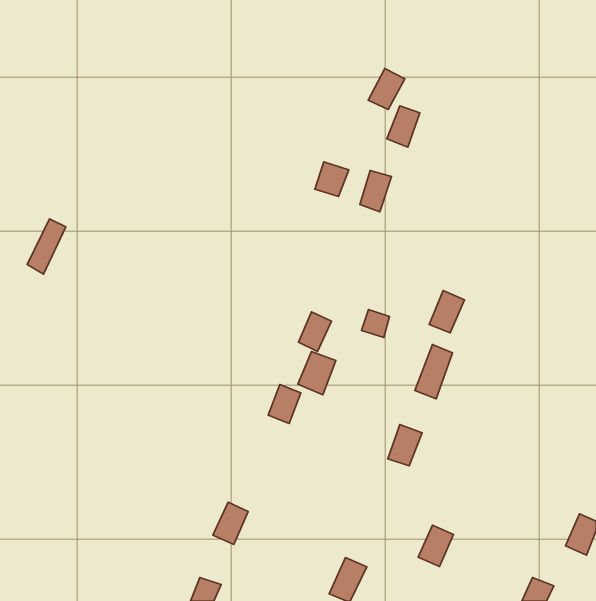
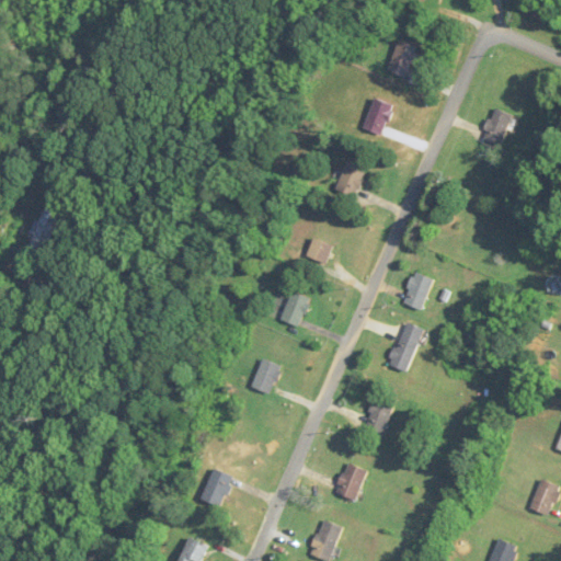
building: [368,68,405,110] -> [383,39,417,78]
building: none -> [480,107,514,146]
building: [315,162,349,197] -> none
building: [361,309,390,338] -> [304,238,330,264]
building: [298,351,336,395] -> none
building: [418,525,454,566] -> [333,462,366,501]

